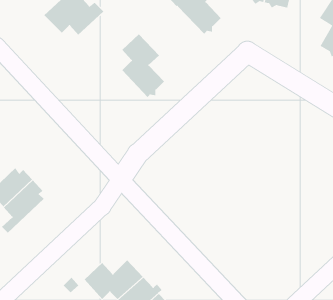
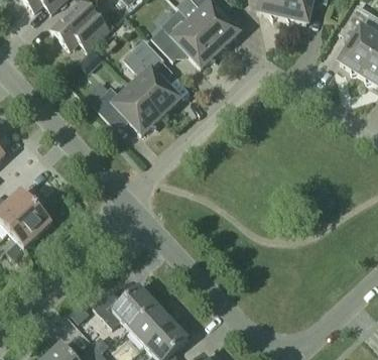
building: none -> [151,19,219,67]
building: none -> [92,86,159,133]

